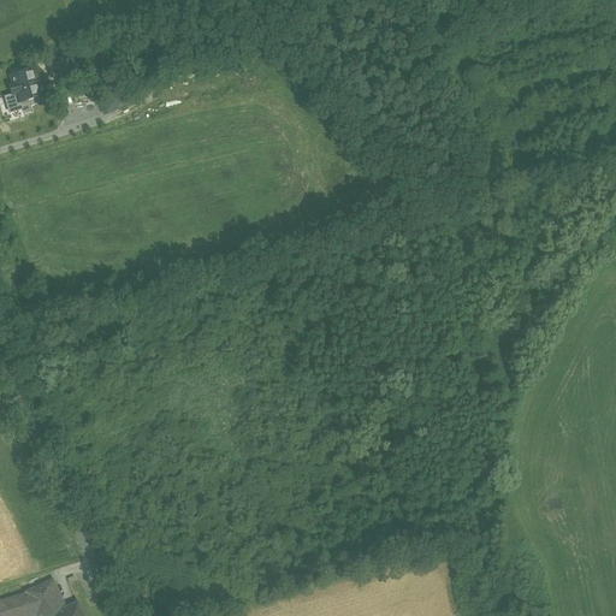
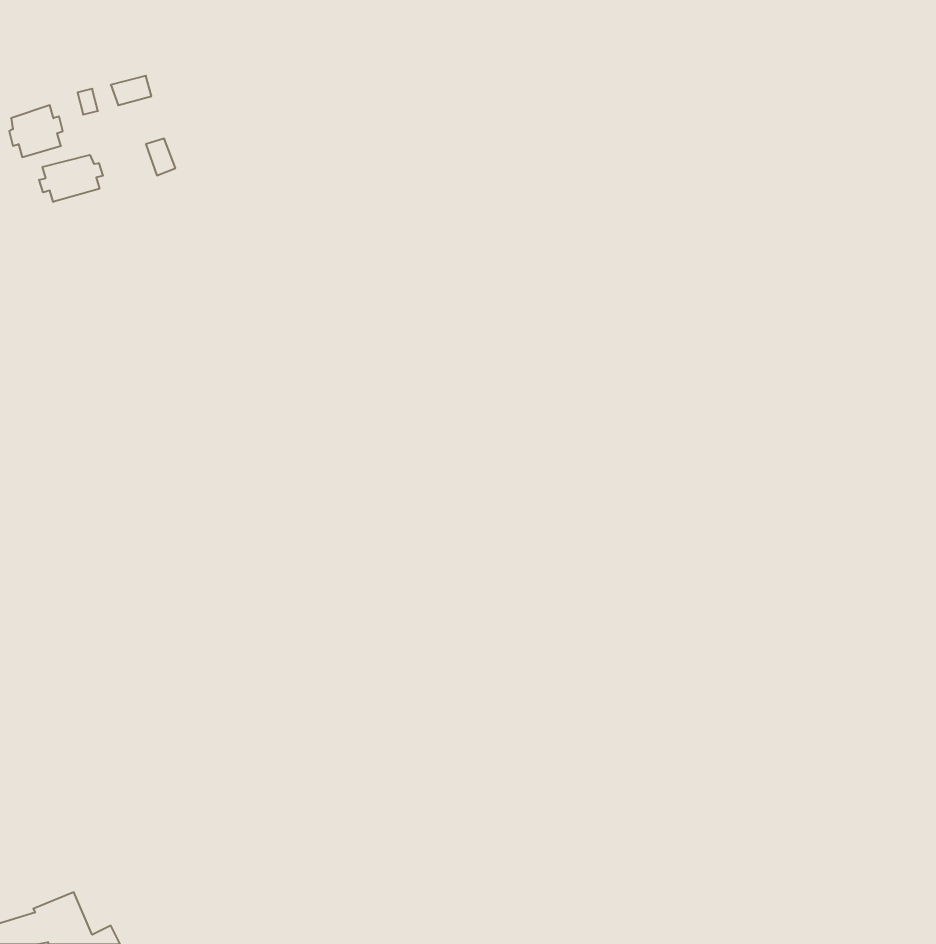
building: none -> [39,155,103,202]

